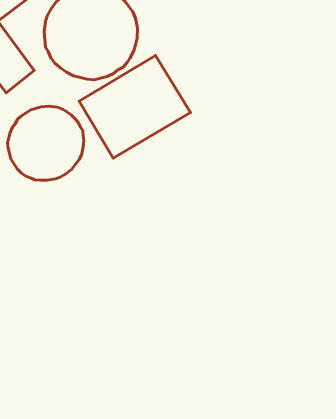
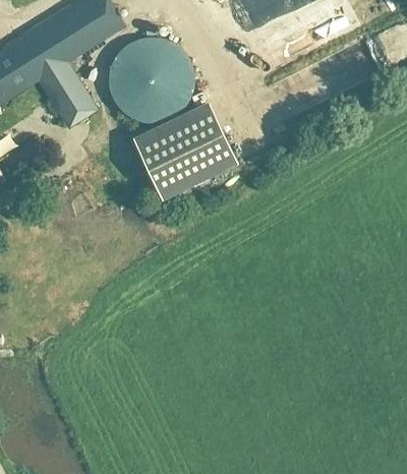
building: [8,106,84,180] -> none

